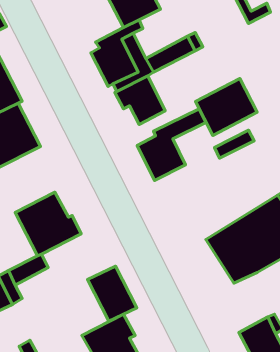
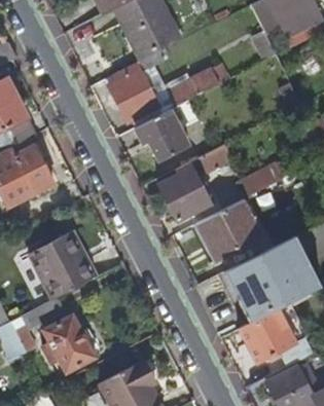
building: [195,78,257,135] -> [195,199,261,260]
building: [87,266,137,321] -> [43,315,96,373]
building: none -> [239,318,301,367]

